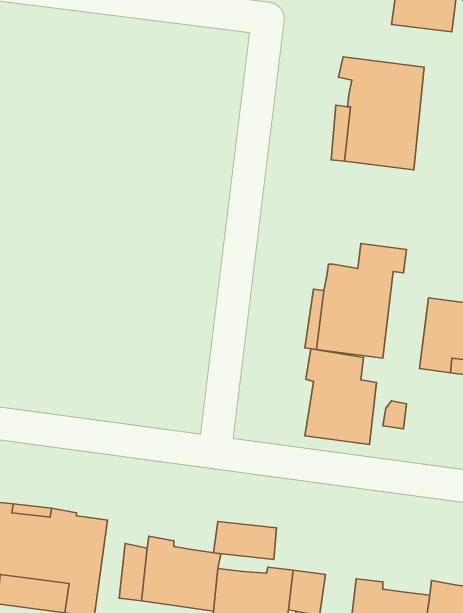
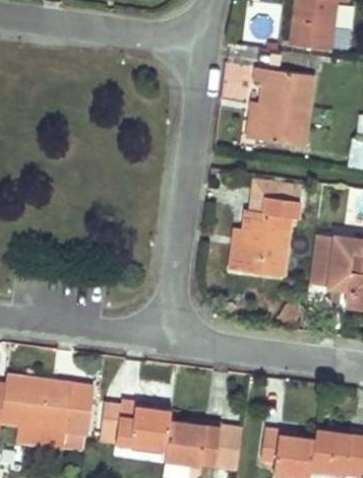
building: none -> [249,179,302,213]
building: [305,349,377,445] -> none
building: [214,522,277,559] -> none

